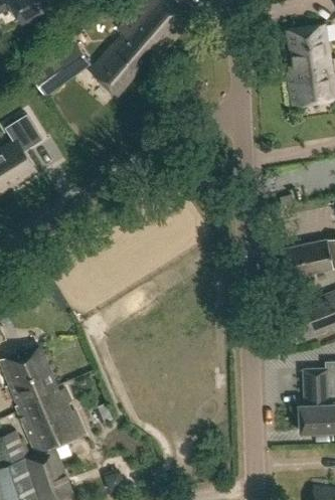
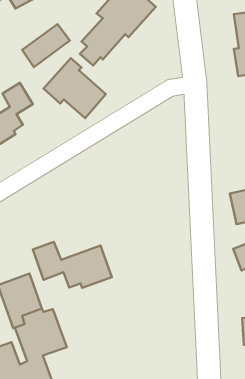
building: none -> [43,58,106,118]
building: none -> [33,242,112,288]

